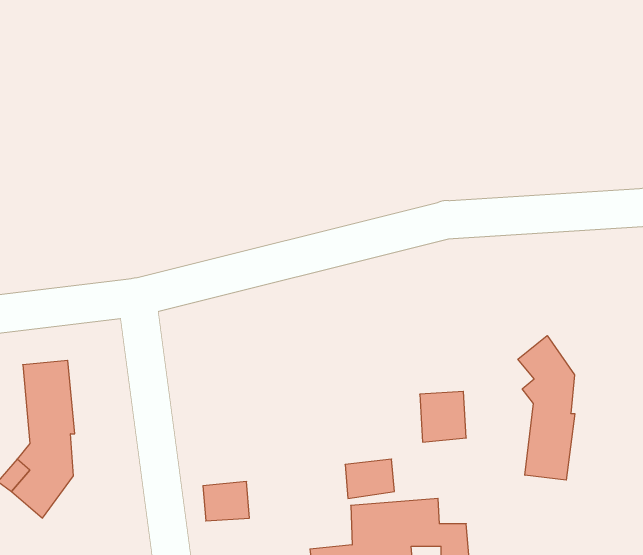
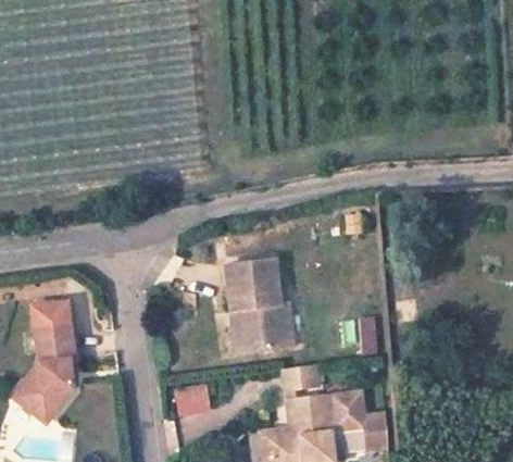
building: none -> [227,259,298,353]
building: [518,336,575,480] -> none

